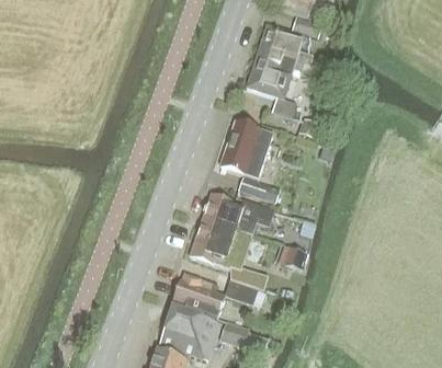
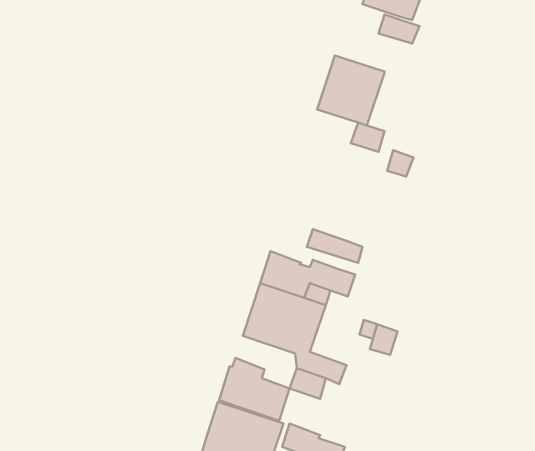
building: [259,25,313,64] -> none
building: [219,120,272,179] -> none

